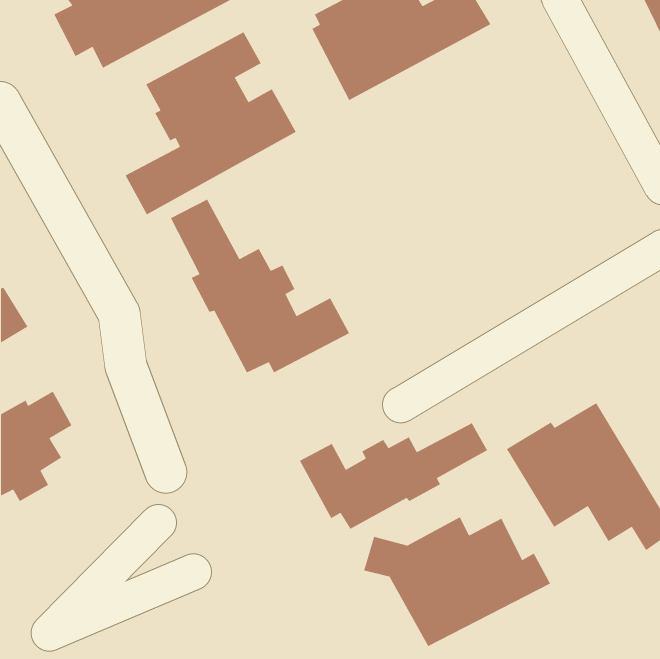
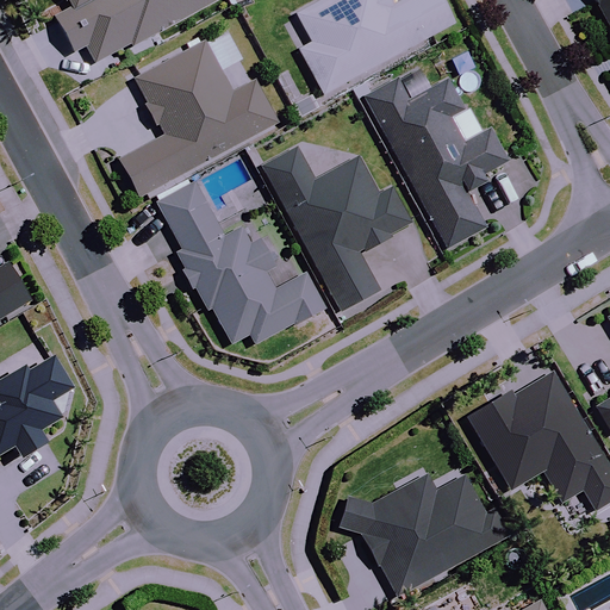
building: none -> [367,77,505,248]
building: none -> [263,147,409,309]
building: [299,422,488,530] -> none

